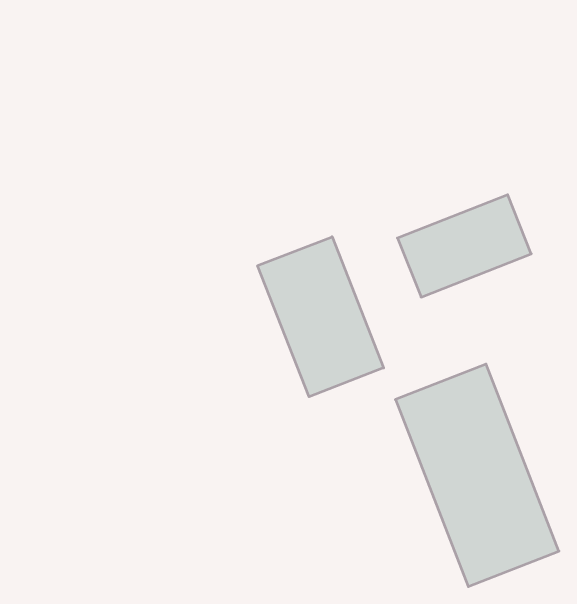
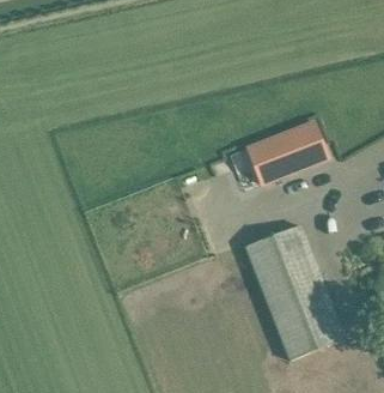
building: [258,237,384,397] -> none

